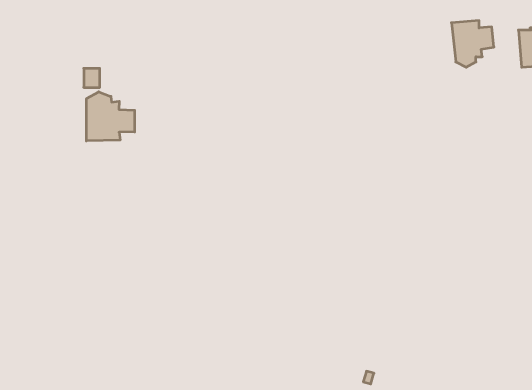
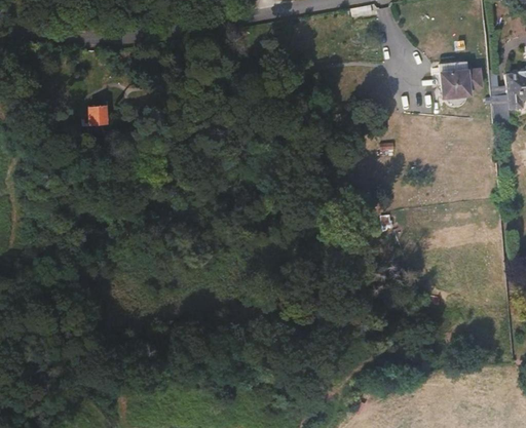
building: [86,92,135,141] -> none

